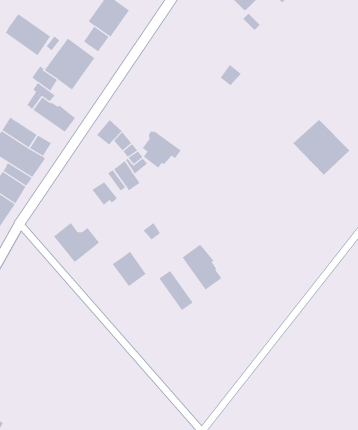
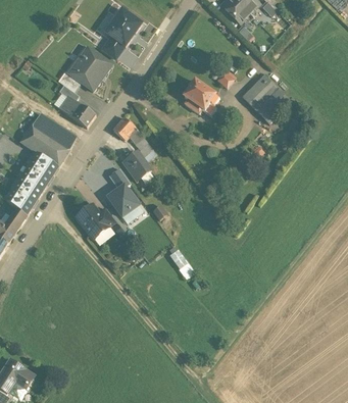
building: [5,13,51,56] -> none
building: [293,119,350,176] -> [242,74,291,122]
building: [142,131,181,168] -> [184,81,217,112]
building: [182,244,222,291] -> none
building: [112,251,146,287] -> [108,185,138,215]

